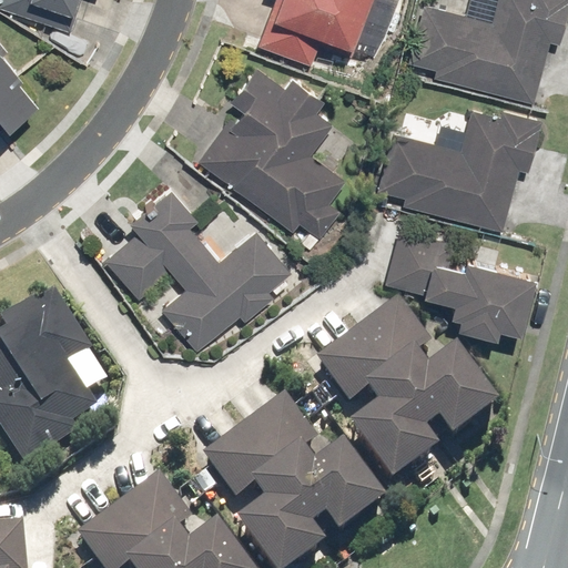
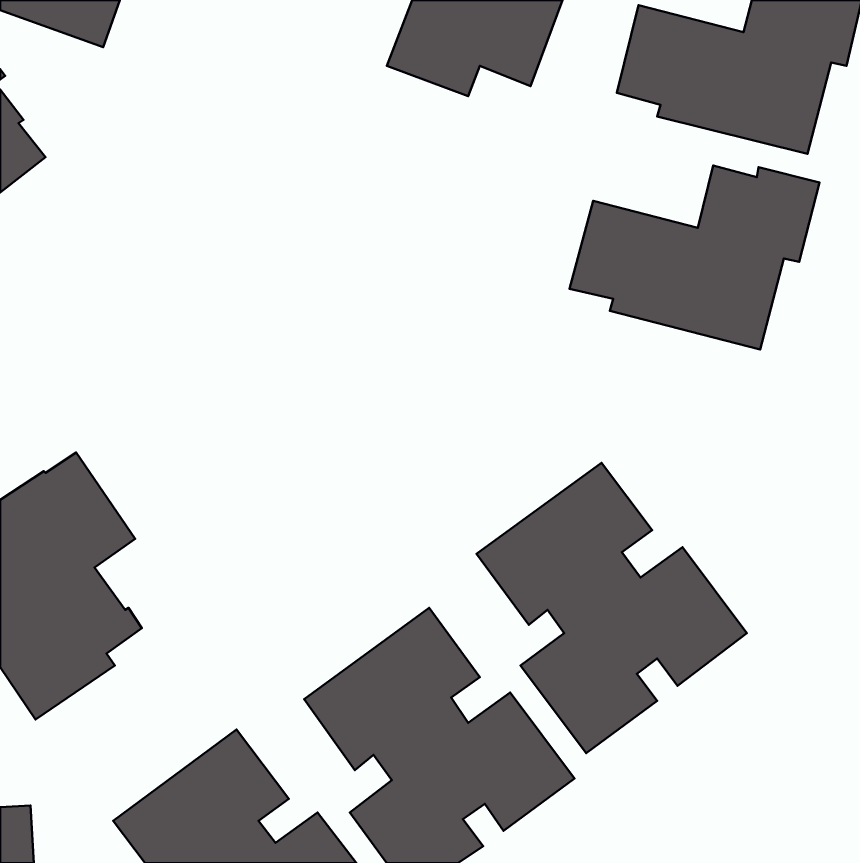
building: [197,67,345,239] -> none
building: [104,187,290,351] -> none
building: [384,229,529,338] -> none

